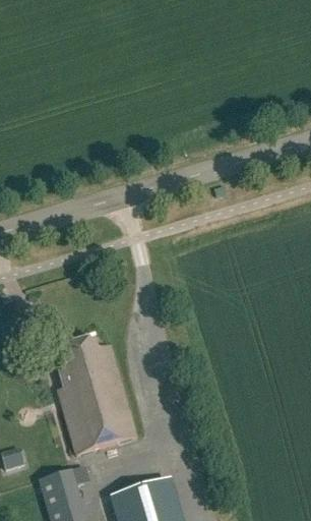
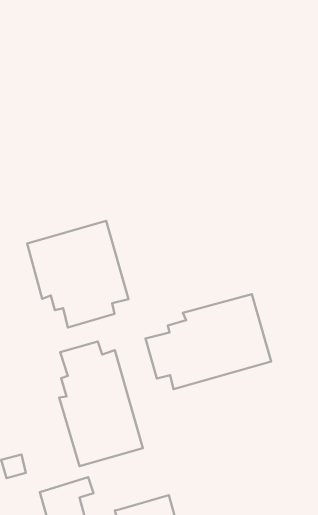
building: none -> [27,221,129,327]
building: none -> [146,294,271,389]

